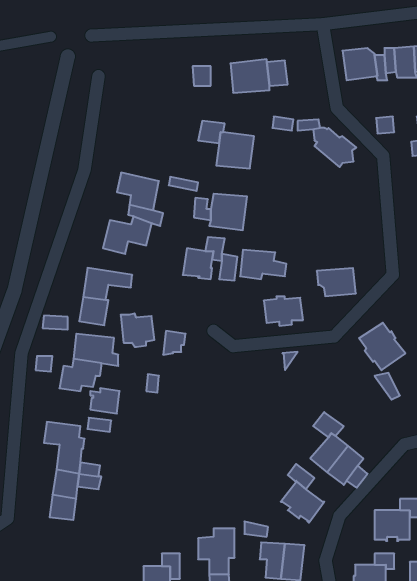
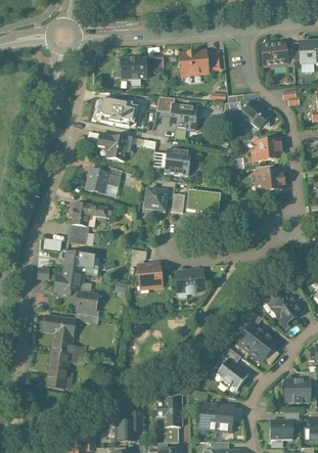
building: none -> [122,57,146,79]
building: none -> [96,97,137,126]
building: none -> [252,139,281,161]
building: [317,268,356,296] -> [256,170,284,190]
building: [264,296,303,326] -> [175,270,203,291]
building: [121,313,154,347] -> [137,263,162,287]
building: [359,323,405,370] -> [267,289,301,324]

